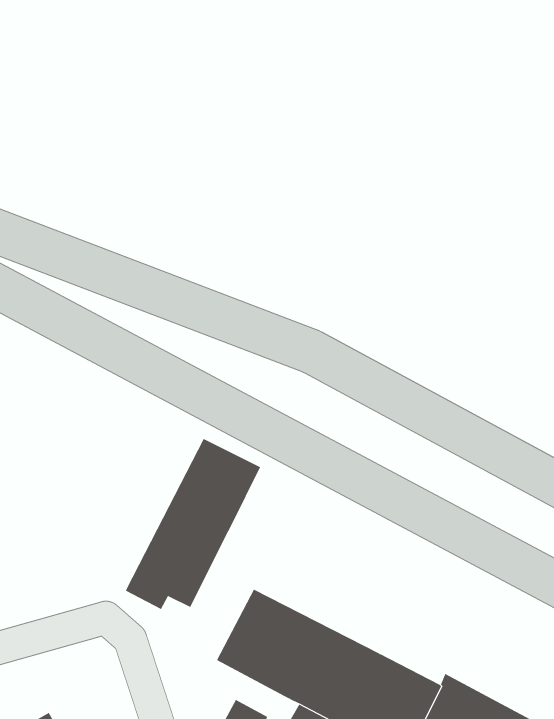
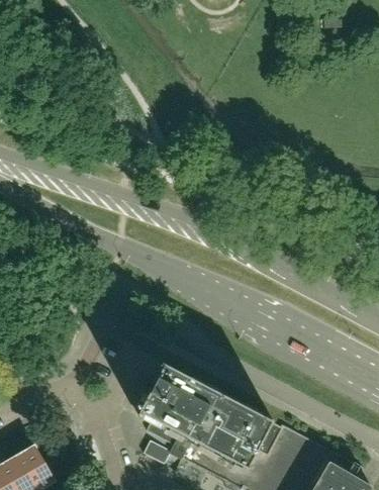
building: [126,438,261,610] -> none

